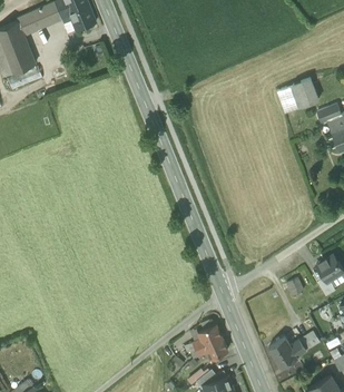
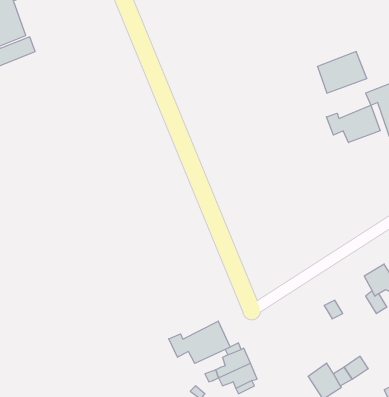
building: none -> [326,105,380,143]
building: none -> [169,321,230,363]

